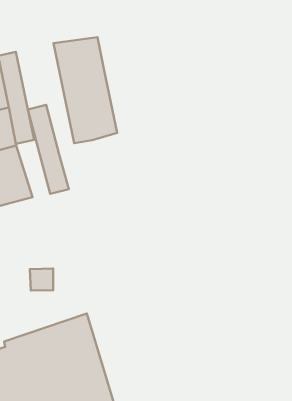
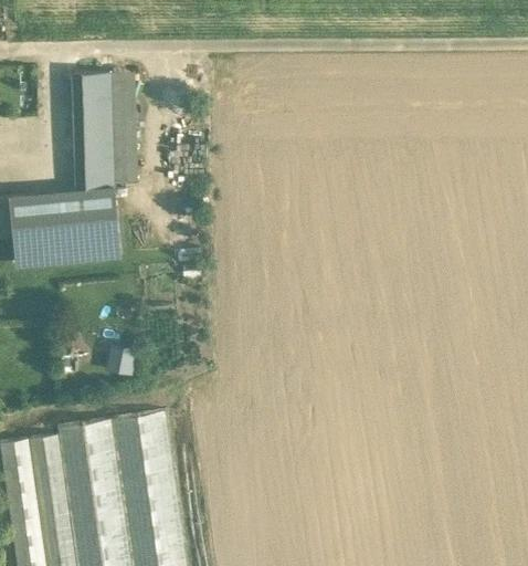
building: [53,37,117,143] -> none
building: [28,105,69,194] -> none

